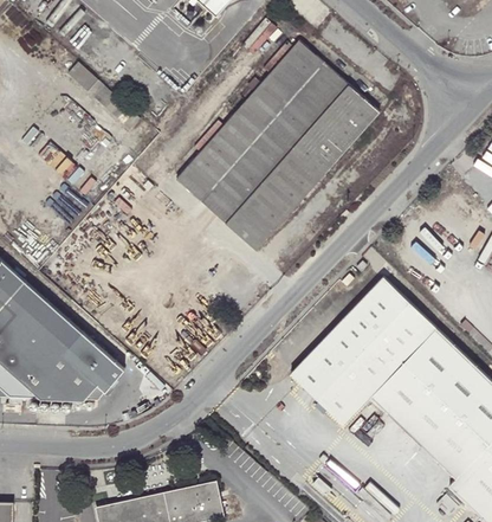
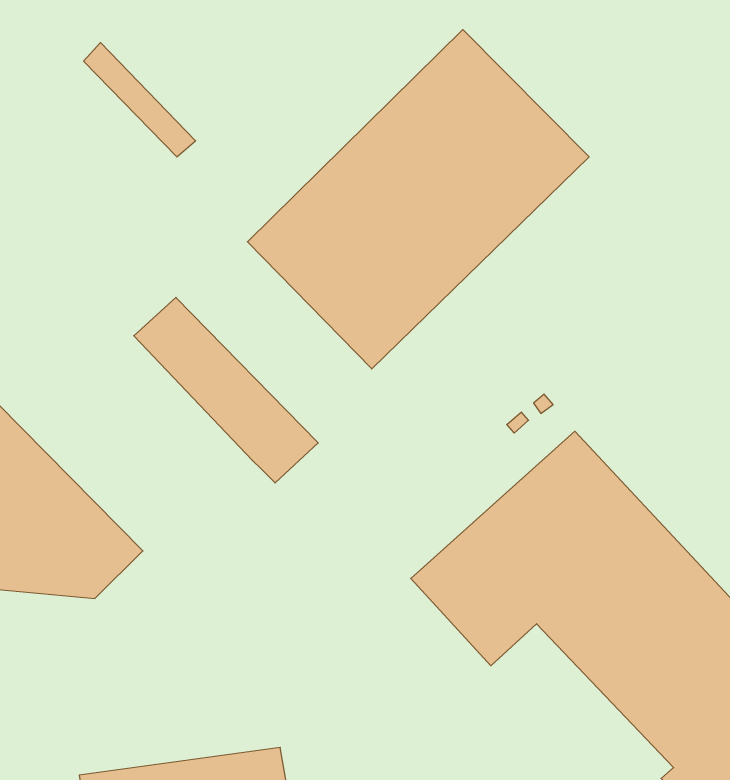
building: none -> [134,297,318,483]

